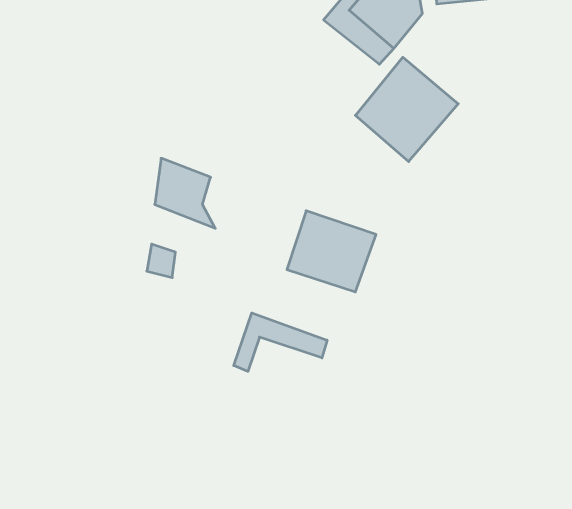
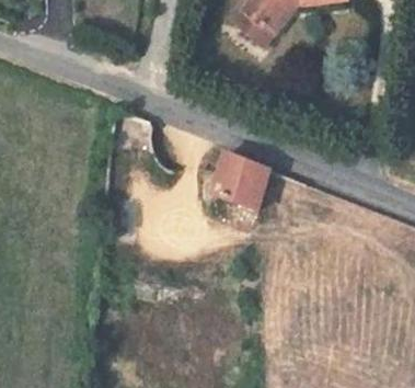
building: [355,57,458,162] -> none
building: [234,313,327,371] -> none

